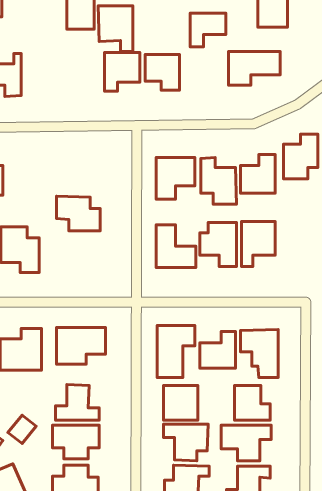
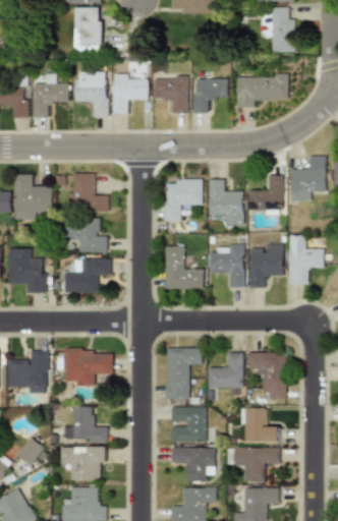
building: [98,6,133,52] -> [73,71,108,117]
building: [190,13,226,47] -> [191,78,227,112]
building: none -> [33,73,68,117]
building: none -> [15,173,52,220]
building: none -> [68,173,109,212]
building: none -> [288,235,325,285]
building: none -> [63,258,110,293]

